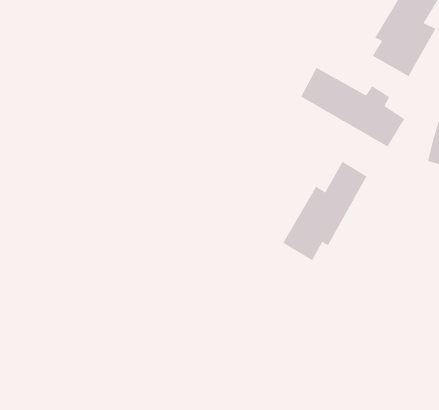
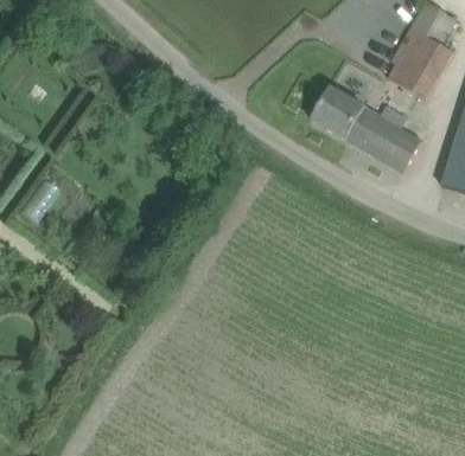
building: [282,161,367,261] -> none

